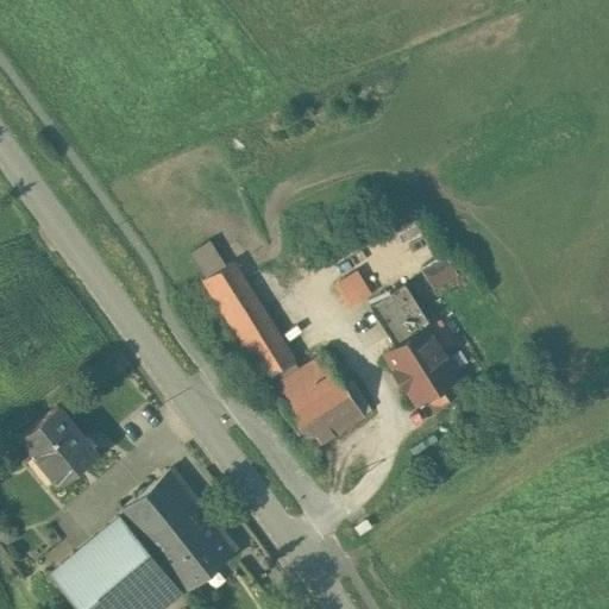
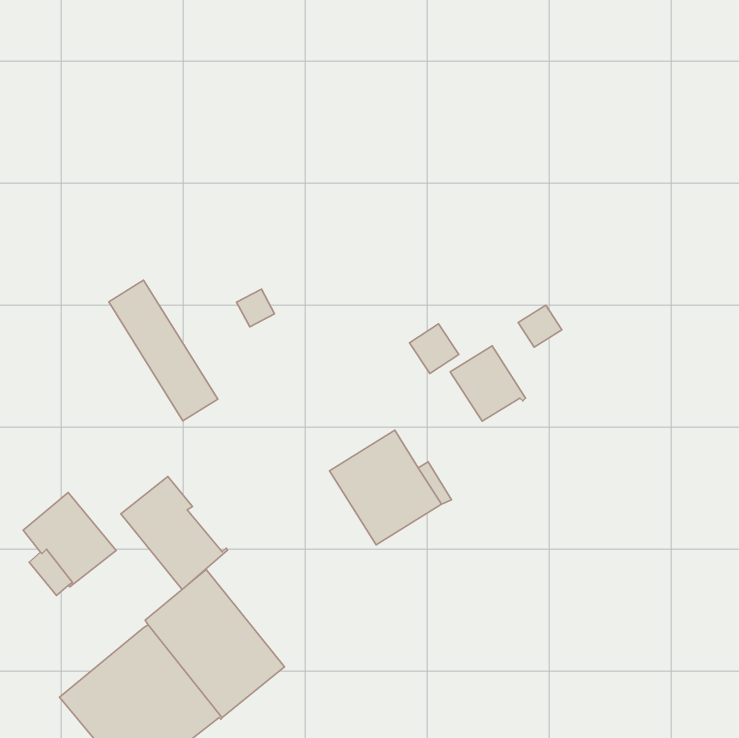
building: [206,264,295,379] -> [109,280,218,421]
building: [387,329,459,403] -> none
building: none -> [121,477,228,590]

